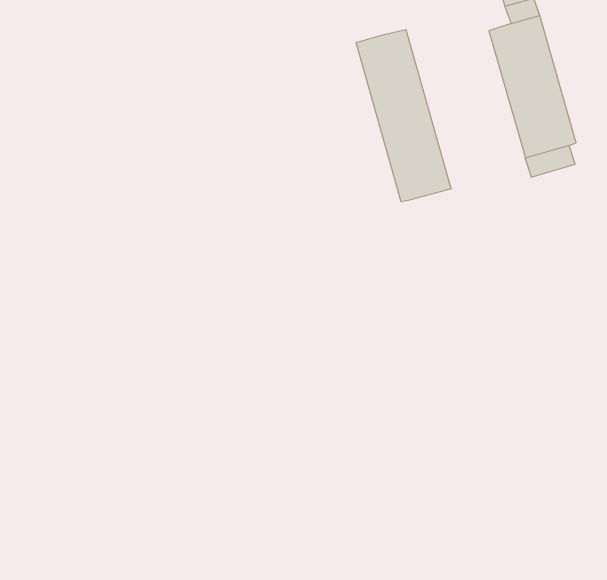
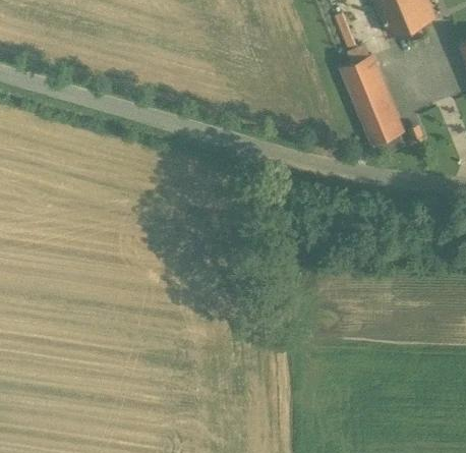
building: [356,30,451,202] -> none

